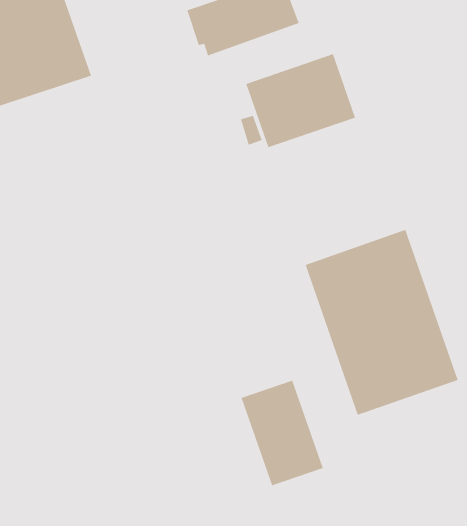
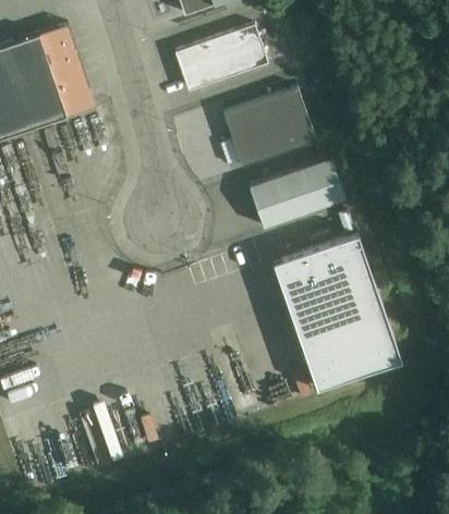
building: none -> [250,159,344,228]
building: [241,380,323,486] -> none

